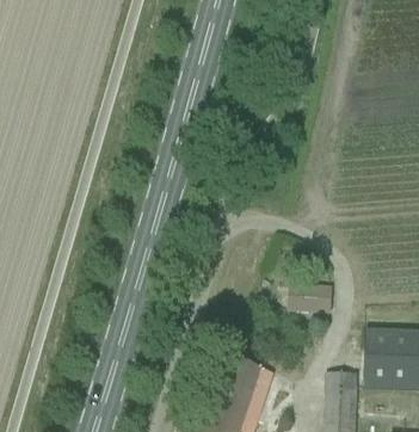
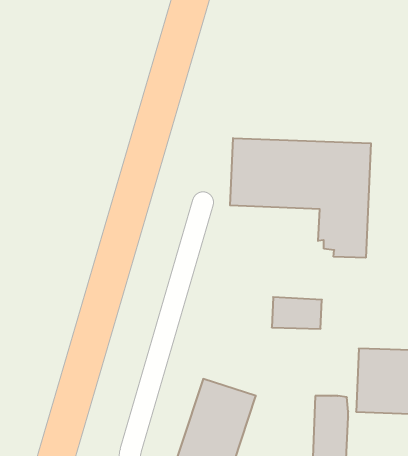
building: none -> [230,138,371,258]

